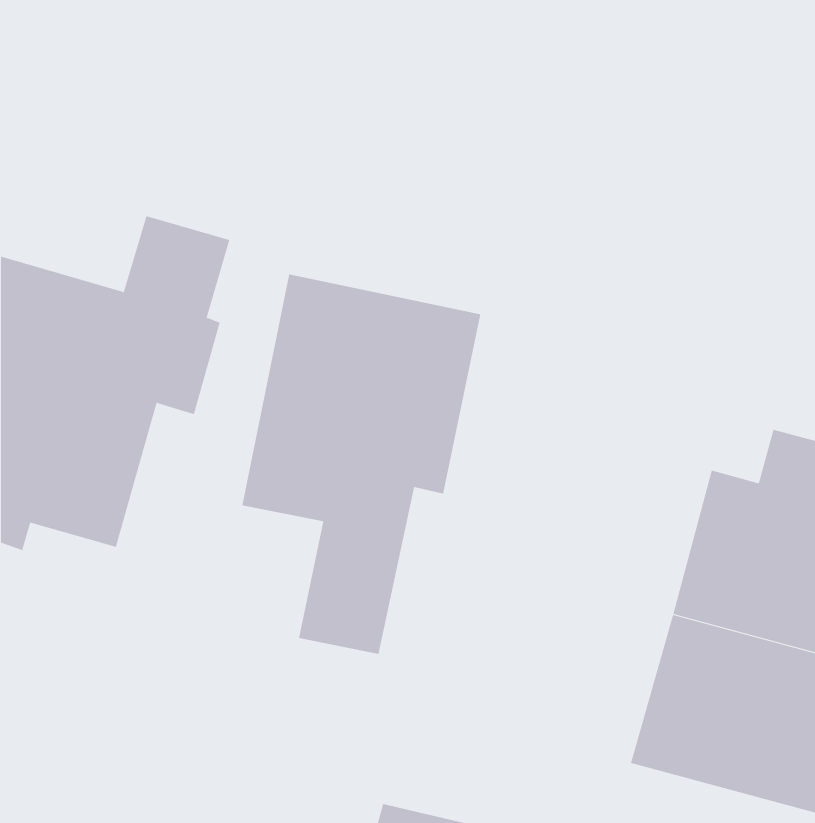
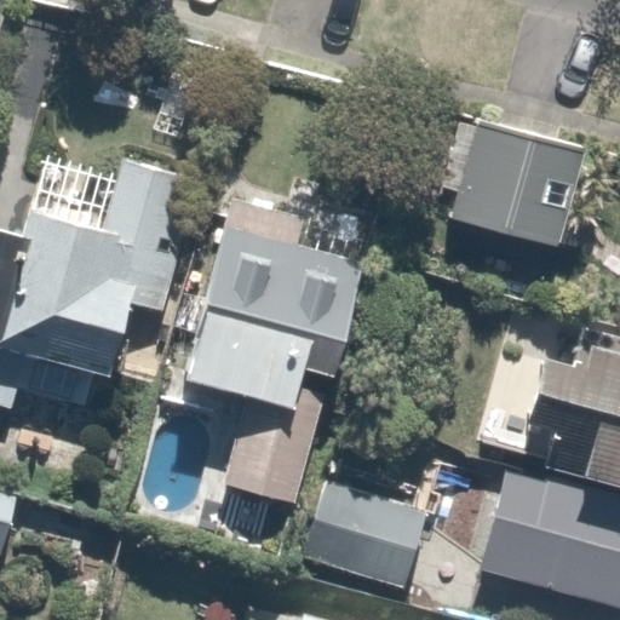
building: none -> [452,124,585,247]
building: none -> [303,467,431,593]

